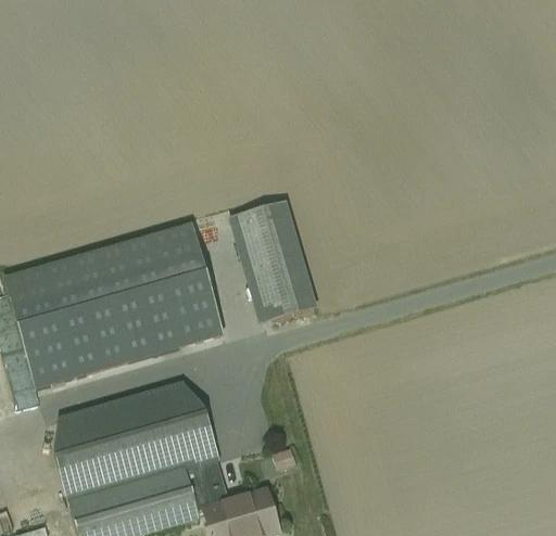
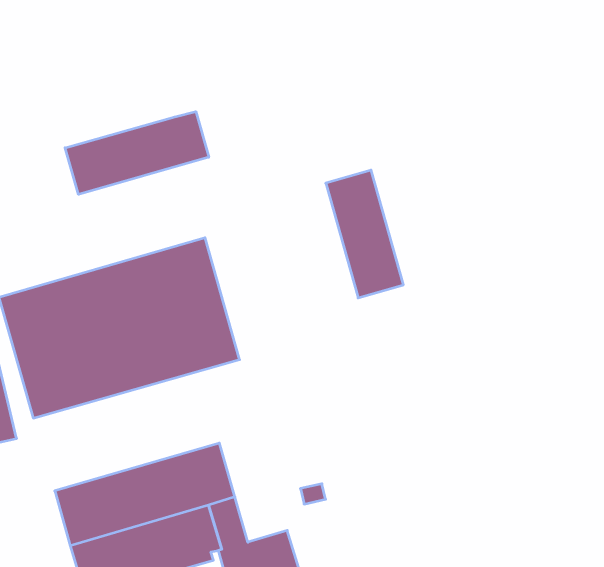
building: none -> [65,112,209,194]
building: [242,202,313,318] -> [326,170,403,298]
building: [54,382,204,452] -> none

